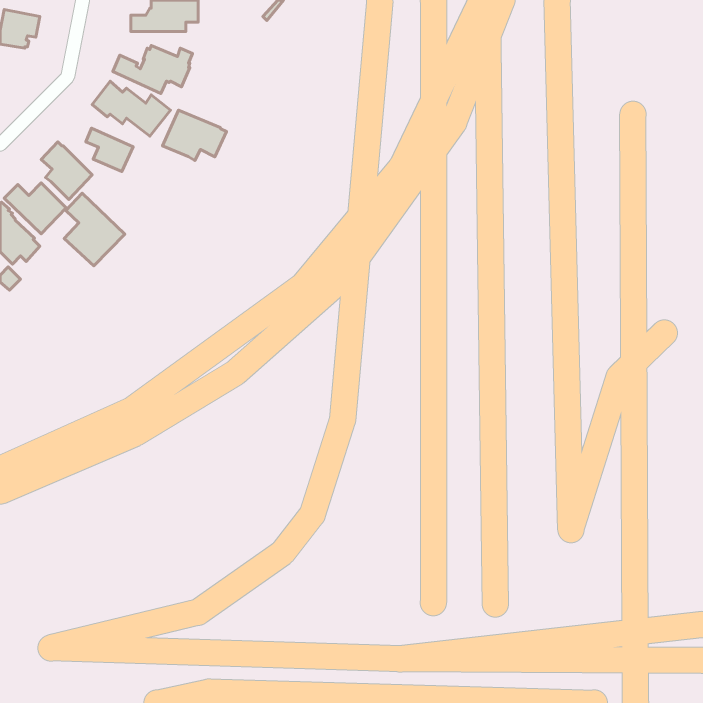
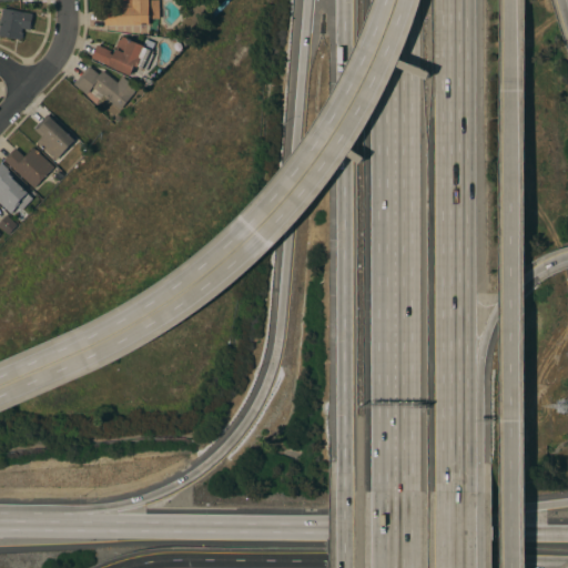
building: [163,110,227,160] -> none
building: [86,128,133,172] -> none
building: [64,193,125,266] -> none

